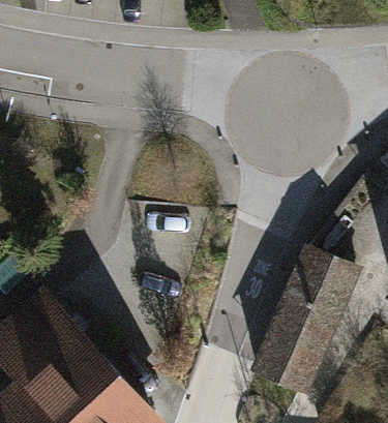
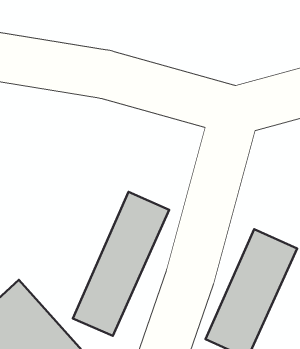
building: none -> [73,192,169,336]

